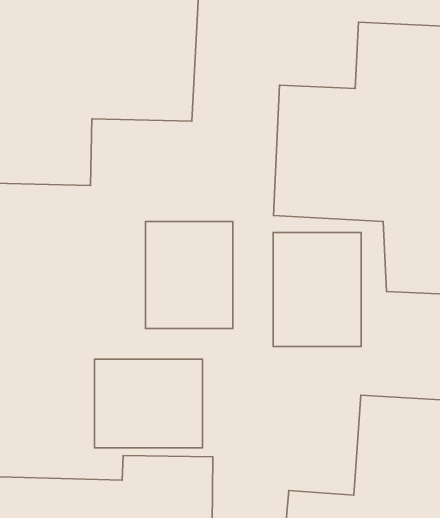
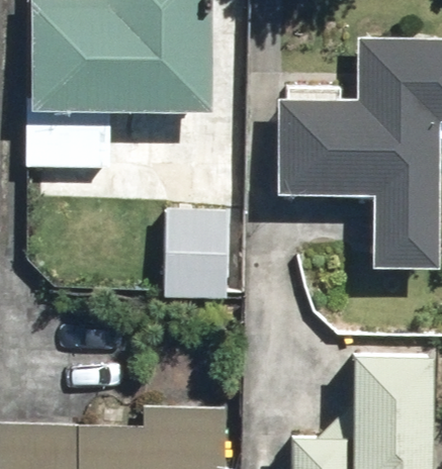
building: [273,233,361,347] -> none
building: [94,359,203,448] -> none

